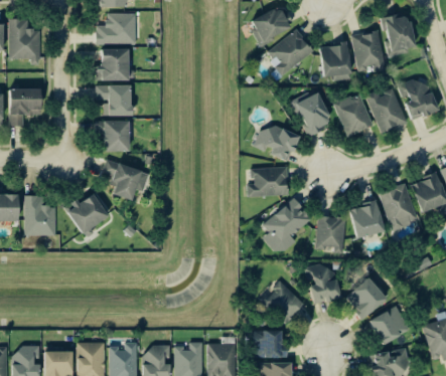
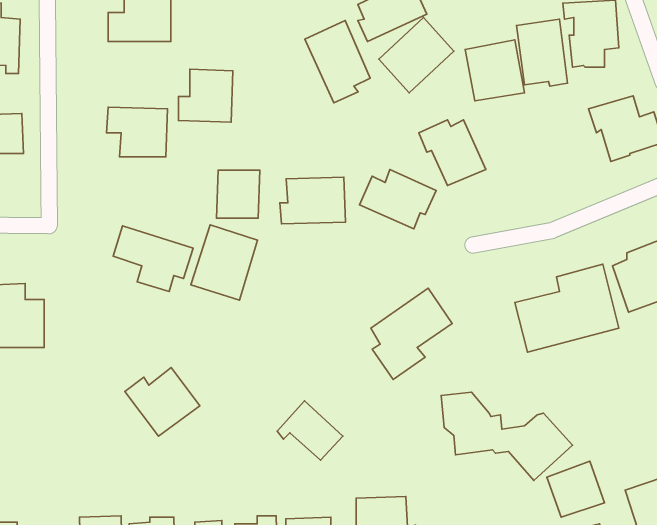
building: none -> [305,21,370,103]
building: [95,48,129,81] -> [178,69,233,122]
building: [364,88,406,133] -> none
building: [332,92,371,137] -> none
building: [103,121,130,151] -> [217,170,260,218]
building: none -> [191,225,258,300]
building: [246,167,287,196] -> [280,177,346,224]
building: [62,192,110,235] -> [125,367,200,436]
building: [314,215,352,254] -> none
building: [262,280,303,318] -> [277,401,343,460]

